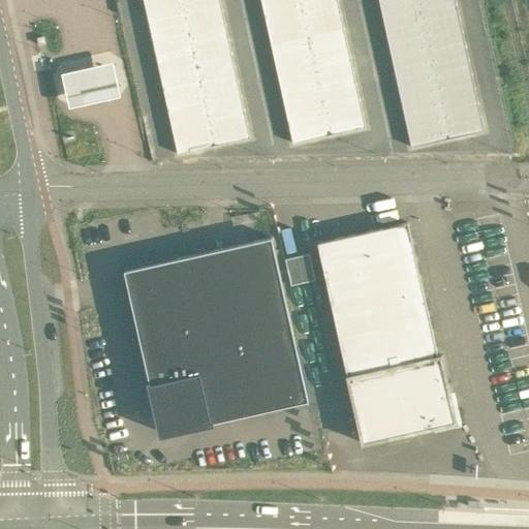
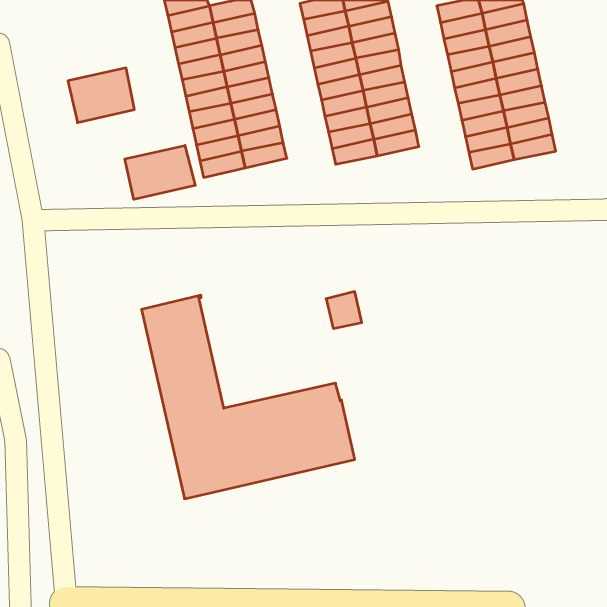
building: none -> [125,145,195,199]
building: [316,223,455,444] -> none
building: [173,238,291,355] -> none

